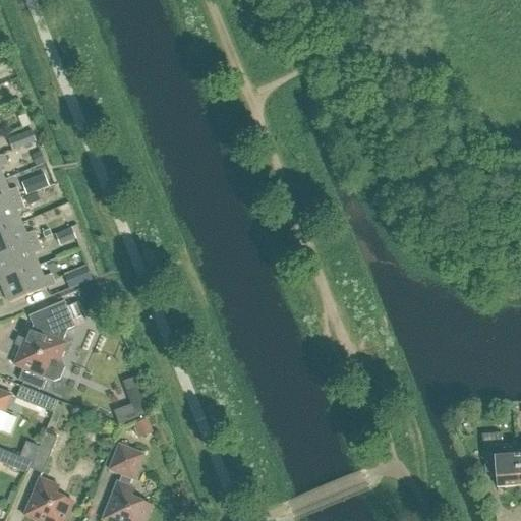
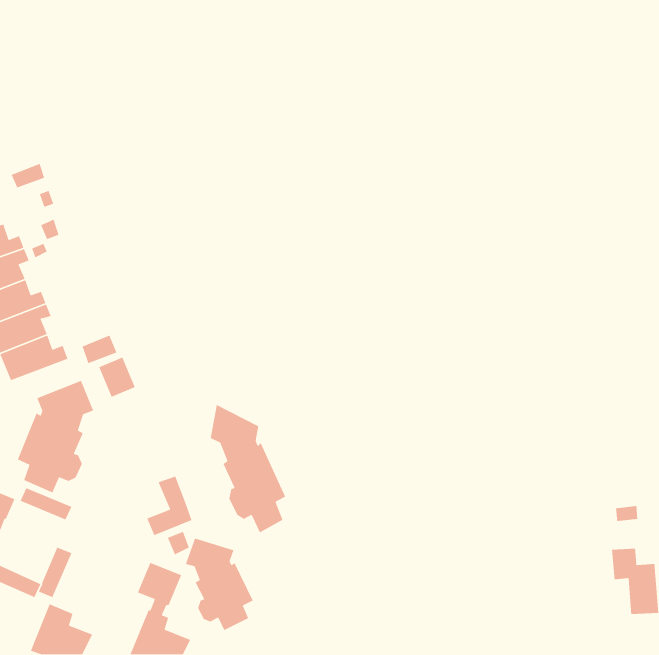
building: none -> [210,404,286,534]
building: none -> [185,538,254,631]

